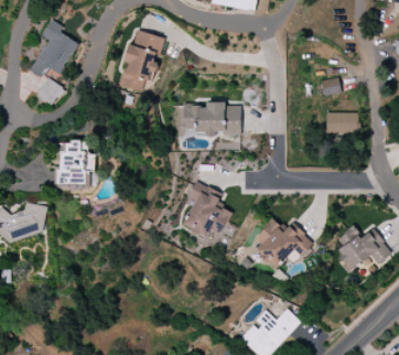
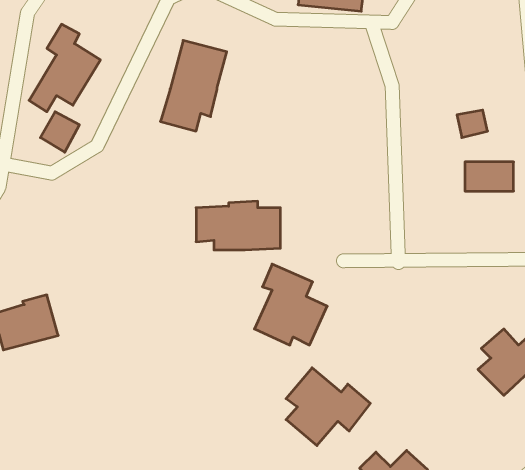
building: [184,101,241,135] -> [196,201,280,250]
building: [60,141,89,189] -> none
building: [256,217,313,270] -> [286,368,370,446]

